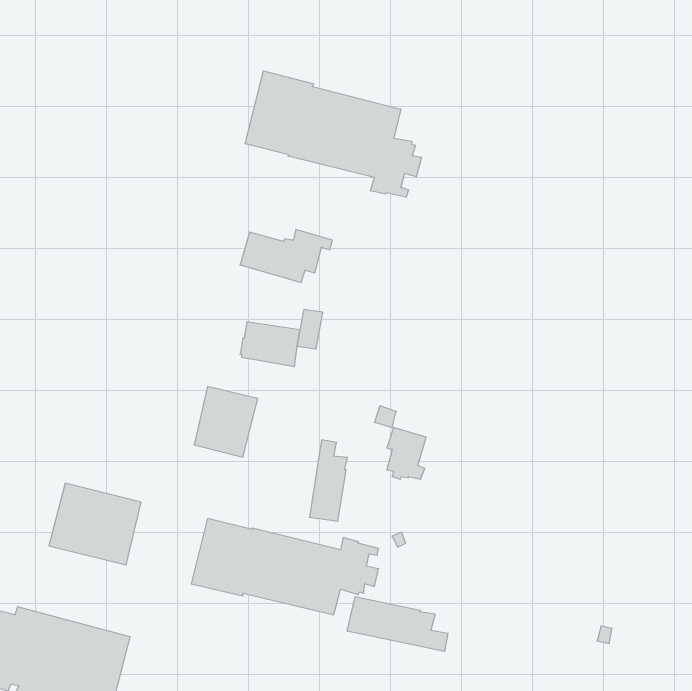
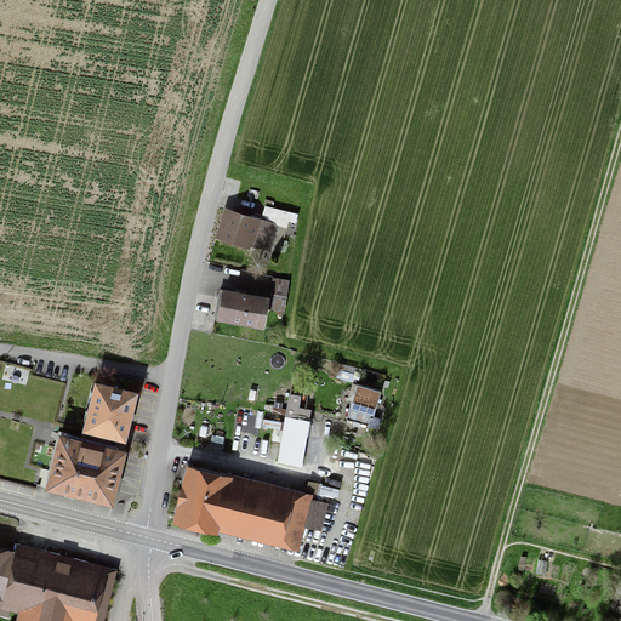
building: [245,71,422,197] -> none
building: [194,386,258,457] -> [81,381,138,444]
building: [347,597,448,652] -> none

